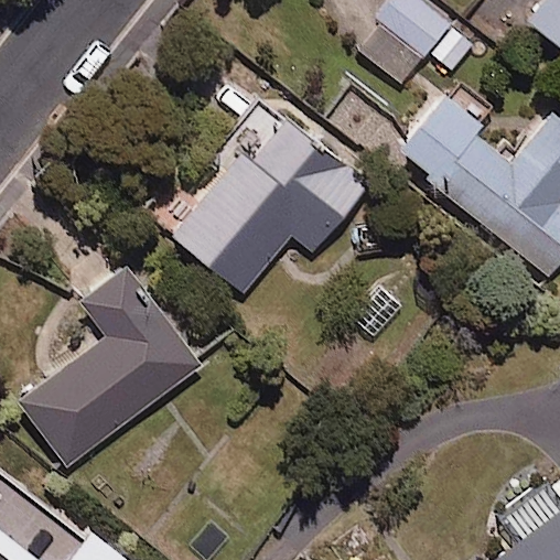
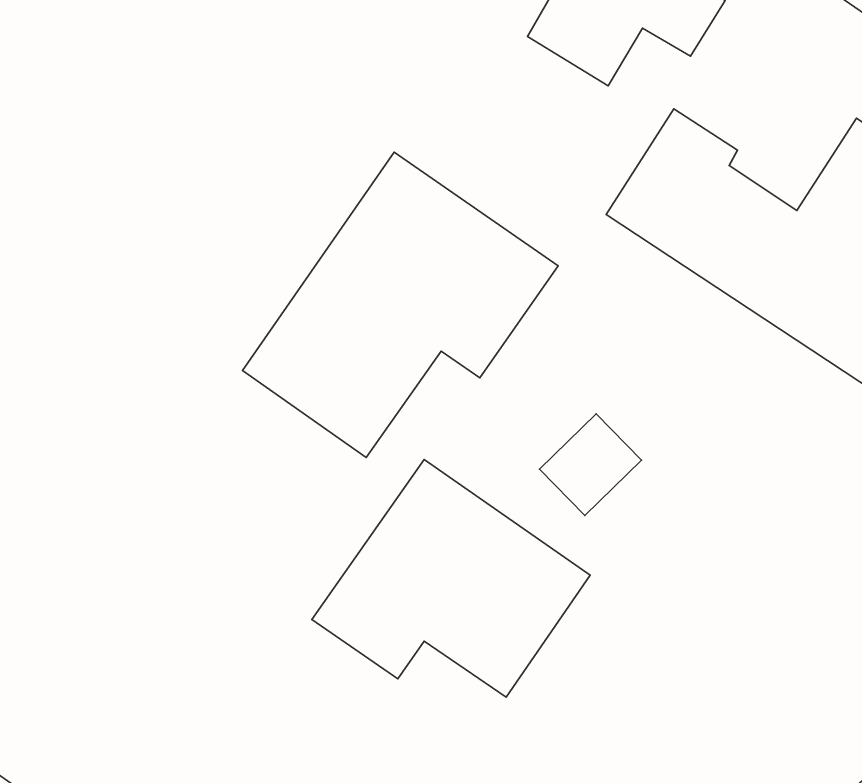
building: [23,263,206,464] -> none
building: none -> [312,459,590,697]

